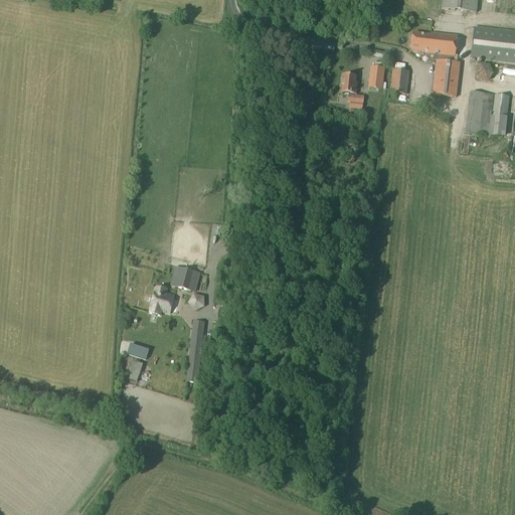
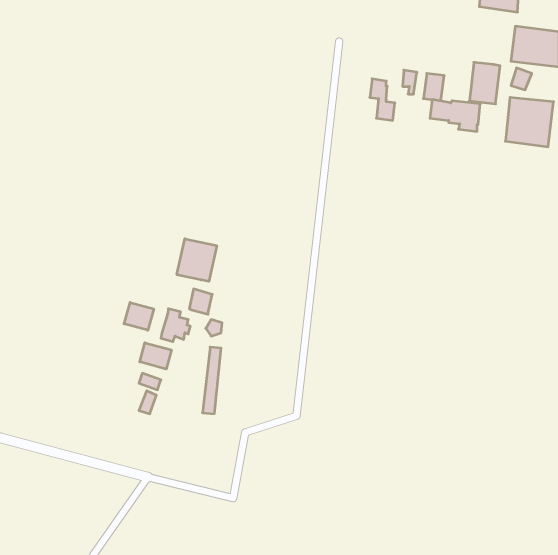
building: [411,30,458,59] -> [430,100,480,131]
building: none -> [177,239,217,281]
building: none -> [124,302,154,330]
building: none -> [140,343,171,369]

